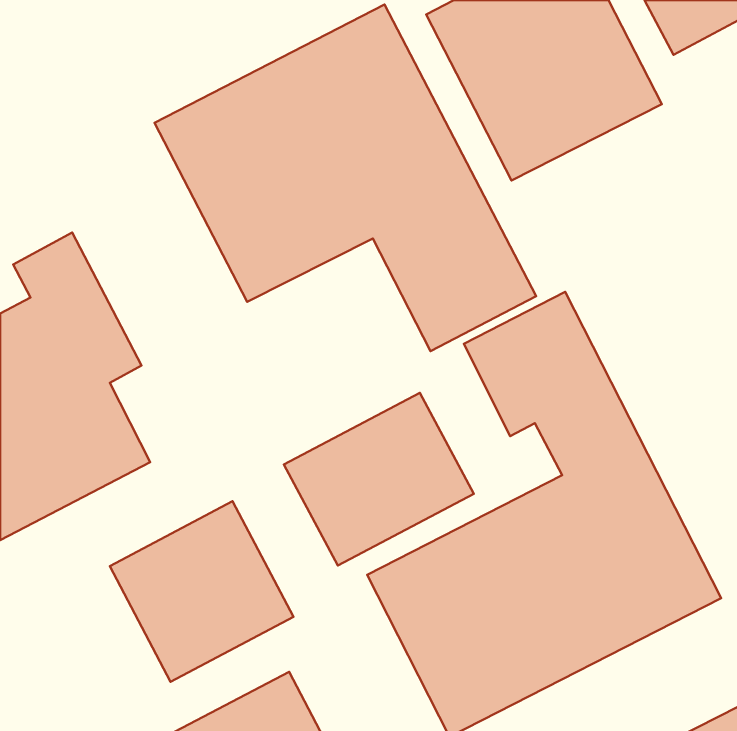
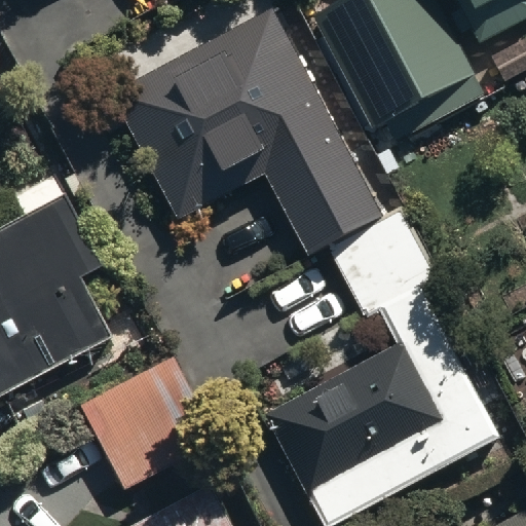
building: [284,393,474,566] -> none

